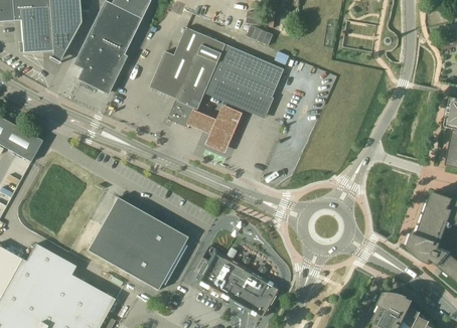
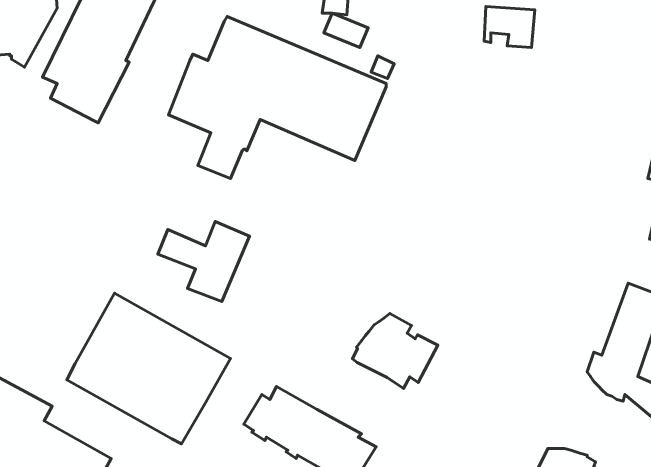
building: [186,104,243,153] -> [158,221,250,302]
building: none -> [352,314,438,388]

